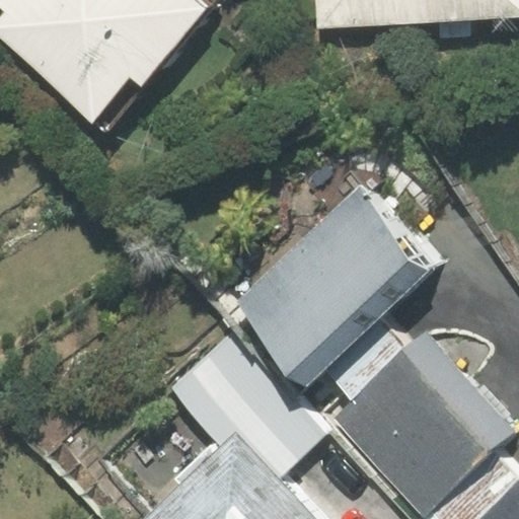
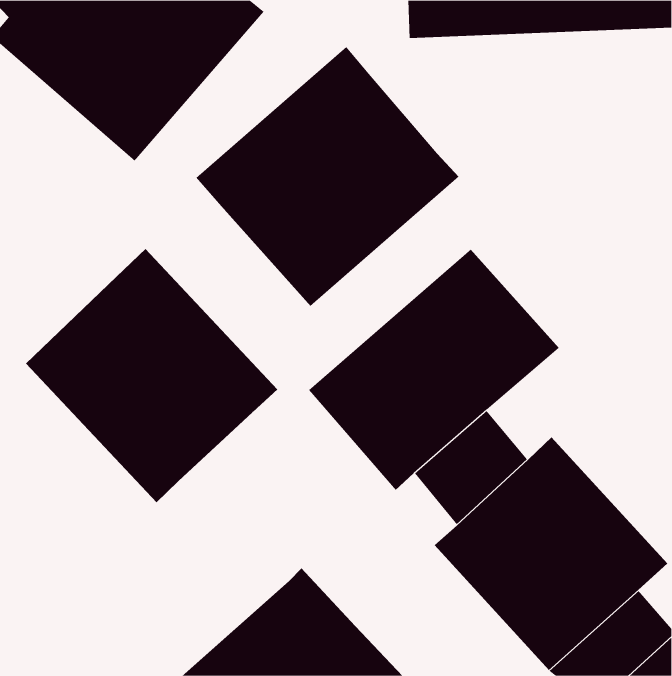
building: none -> [196,46,459,307]
building: none -> [25,248,278,503]
building: [168,335,321,479] -> none

